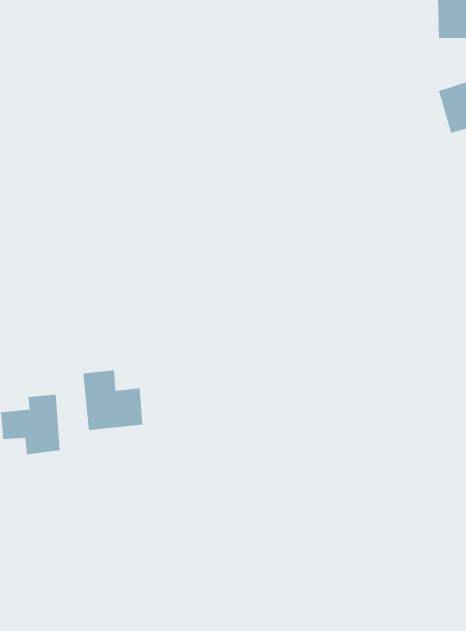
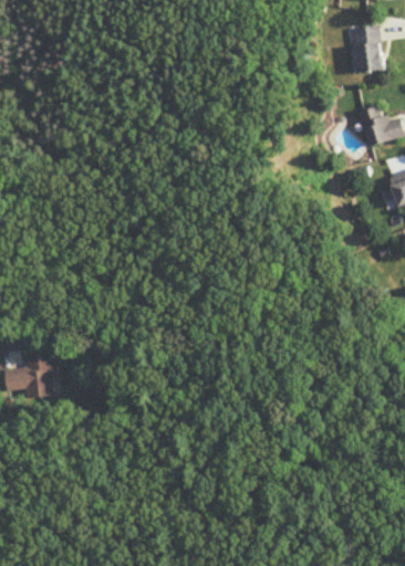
building: [83,369,143,431] -> none

